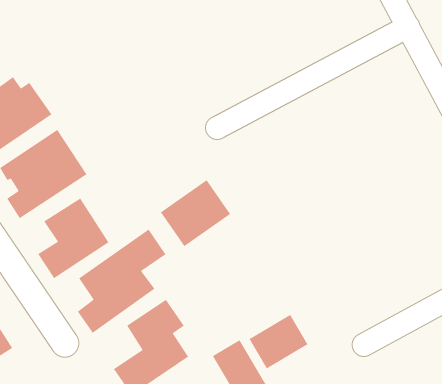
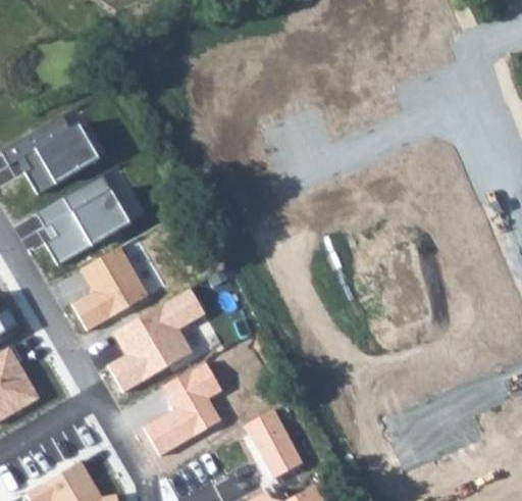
building: [160,179,231,247] -> none
building: [249,314,309,370] -> none

